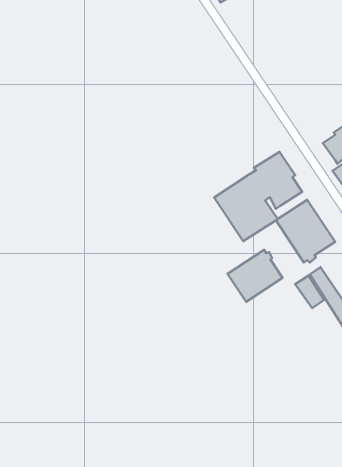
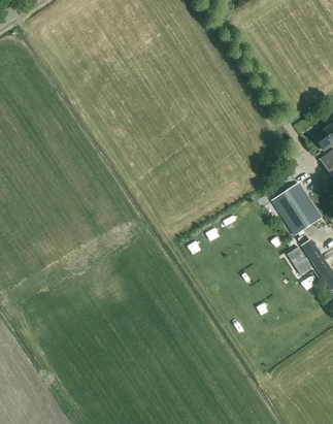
building: [214,152,302,241] -> none
building: [228,250,283,302] -> none

